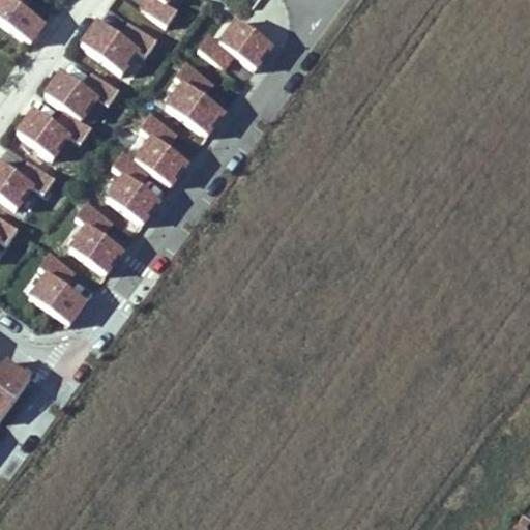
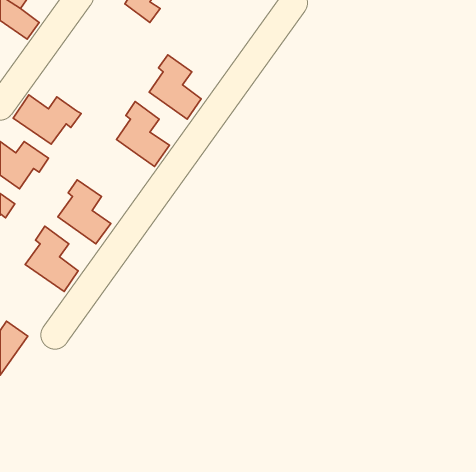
building: [198,16,274,68] -> none
building: [81,17,155,71] -> none
building: [42,67,117,123] -> none
building: [101,151,160,223] -> none

